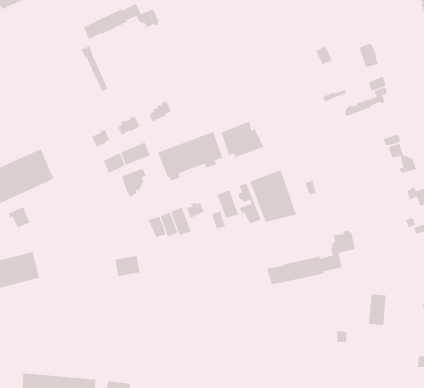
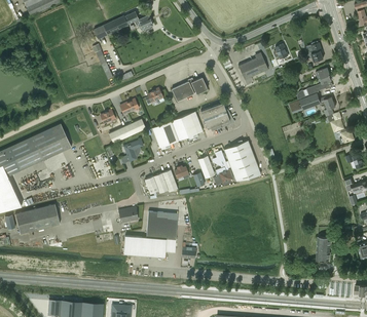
building: none -> [237,52,268,80]
building: none -> [171,78,208,102]
building: none -> [289,94,336,114]
building: [266,230,355,285] -> none
building: none -> [123,211,178,255]

